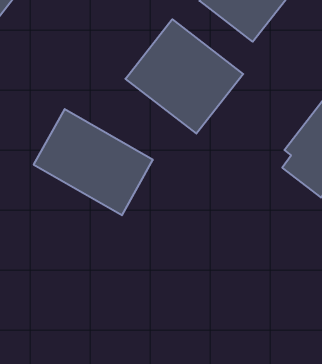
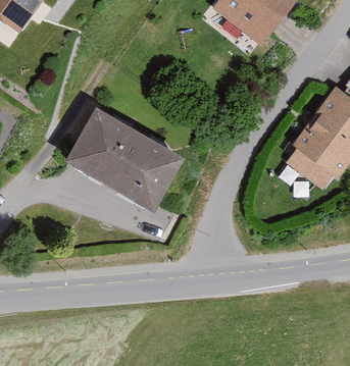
building: [125,19,243,134] -> none

